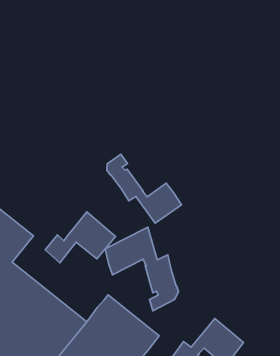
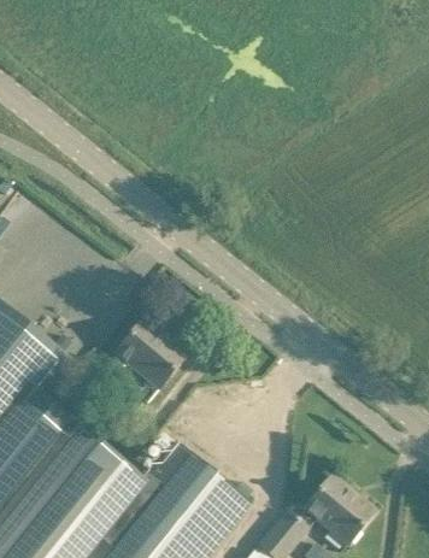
building: [107,154,182,223] -> none
building: [105,227,179,311] -> none

